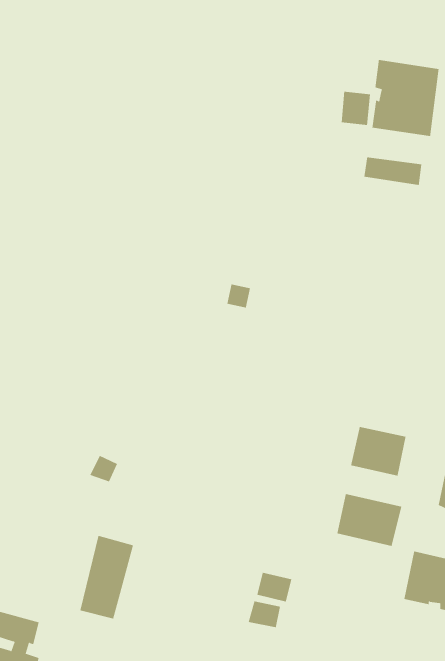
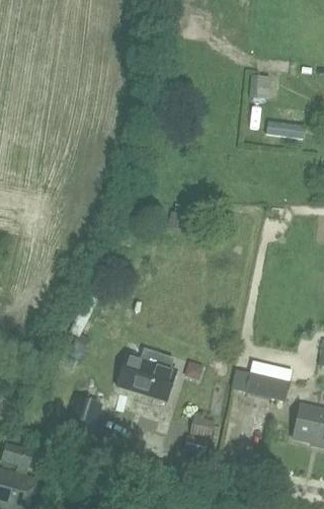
building: [372,59,439,137] -> none
building: [350,426,406,476] -> none
building: none -> [116,353,176,401]

